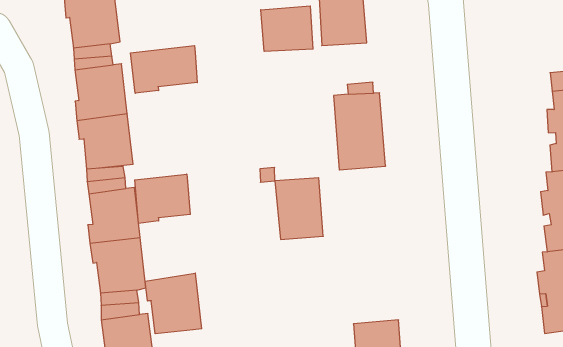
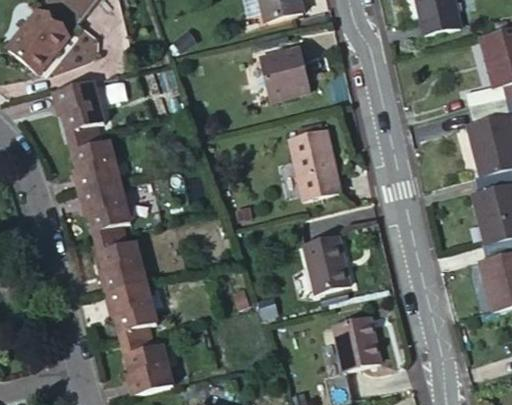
building: [261,6,313,51] -> none
building: [131,46,197,93] -> none
building: [135,174,190,224] -> none
building: [275,178,323,239] -> [303,236,350,292]
building: [145,273,202,334] -> none

